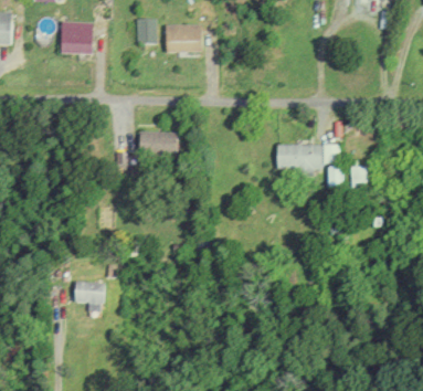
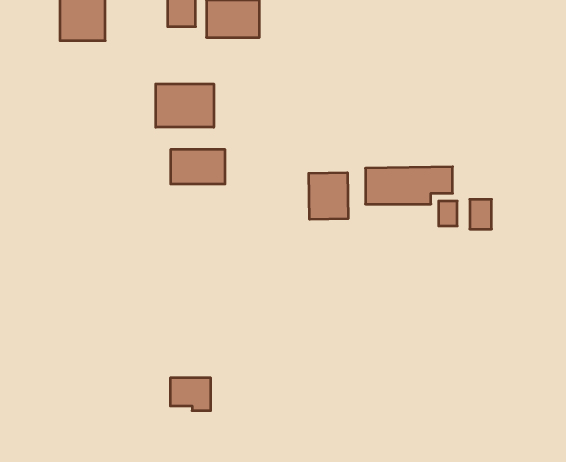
building: none -> [156,84,214,127]
building: none -> [309,173,348,219]
building: [75,282,104,305] -> [170,378,211,411]

